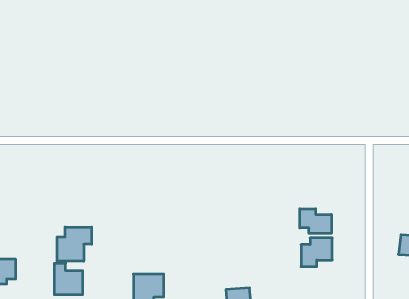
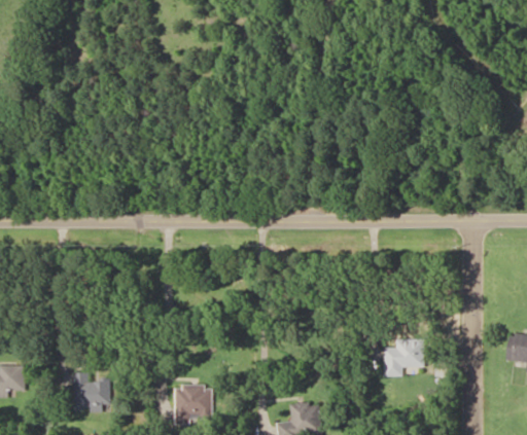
building: [300,209,331,233] -> none
building: [57,227,92,261] -> none

